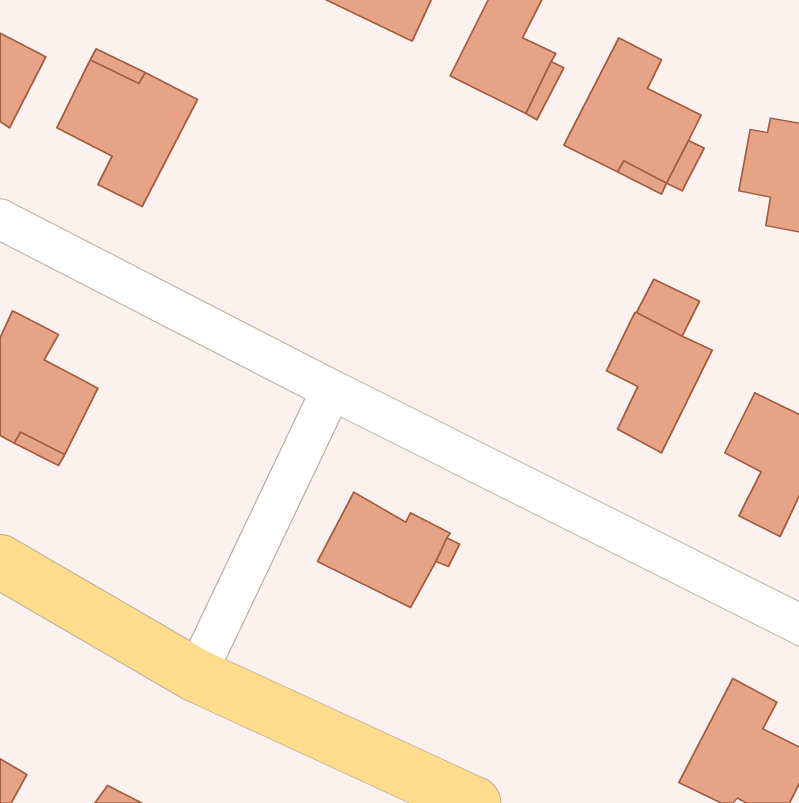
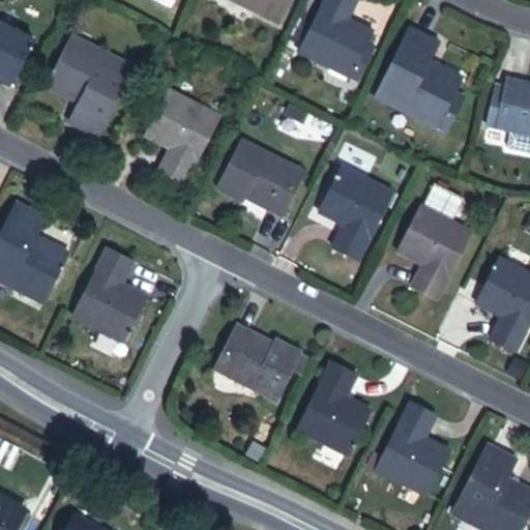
building: none -> [148,90,220,182]
building: none -> [214,140,304,217]
building: none -> [323,165,392,256]
building: none -> [71,248,145,342]
building: none -> [297,361,365,454]
building: none -> [376,402,445,494]

